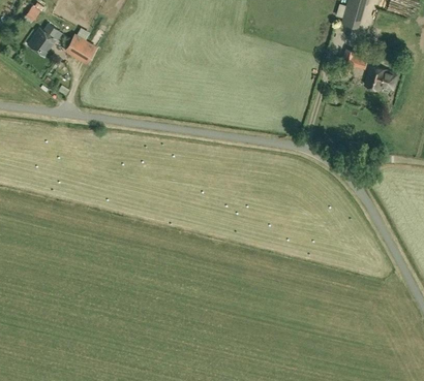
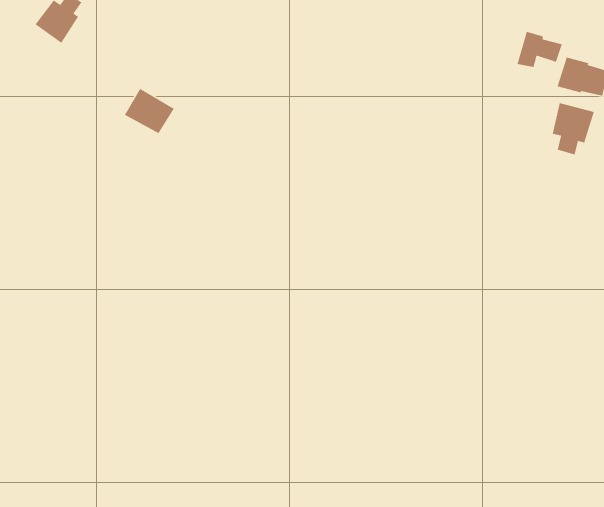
building: [65,34,98,64] -> [124,88,175,134]
building: none -> [552,102,595,155]

